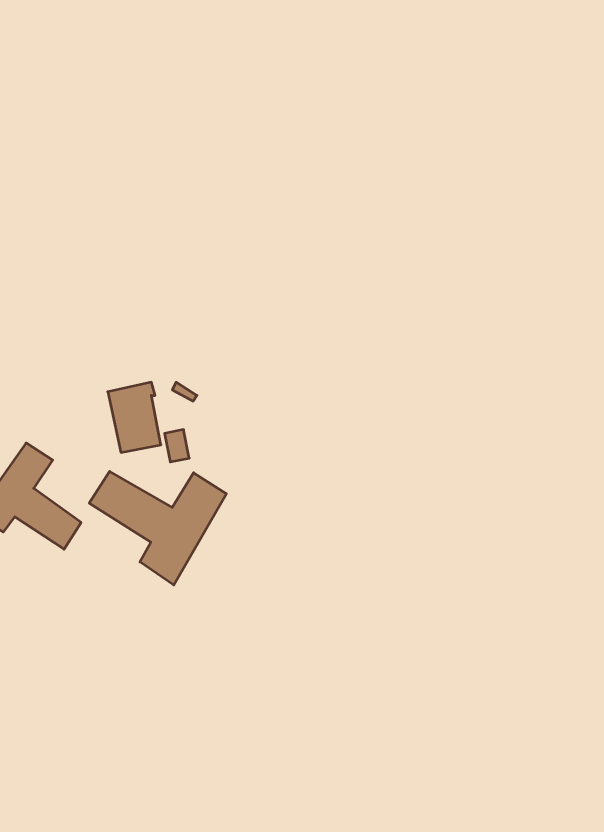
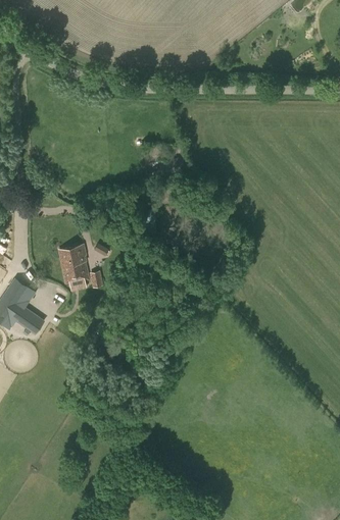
building: [89,471,226,585] -> none

